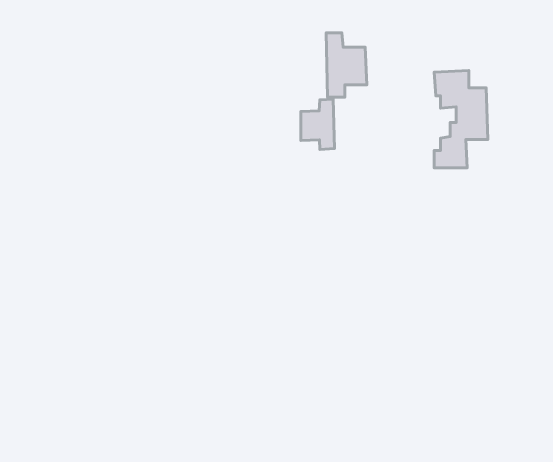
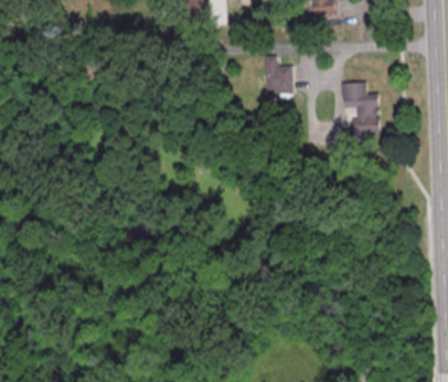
building: [301,99,334,149] -> none

